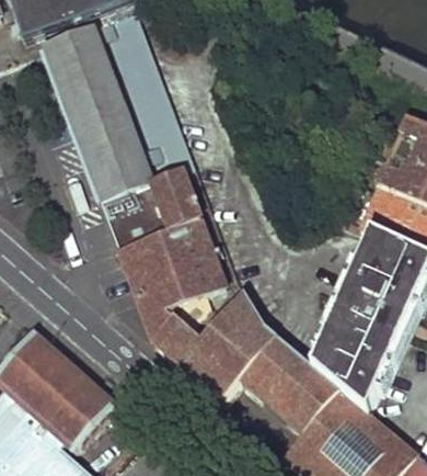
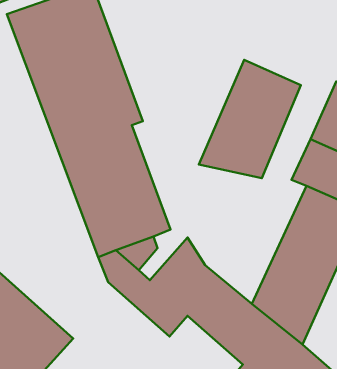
building: none -> [199,60,301,178]

